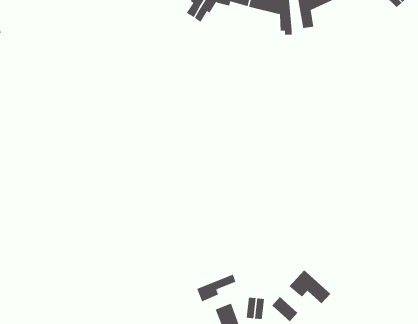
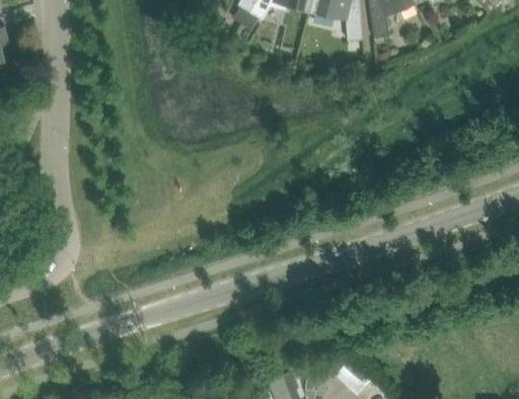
building: [289,270,331,304] -> none
building: [197,274,236,302] -> none

